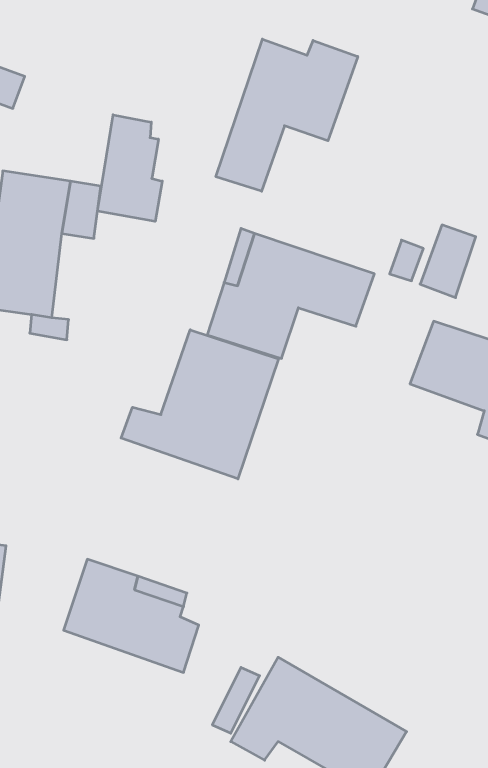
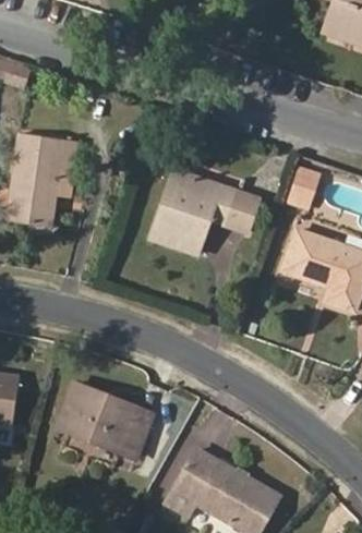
building: [216,39,358,191] -> none
building: [98,115,162,221] -> none
building: [121,330,279,479] -> none

